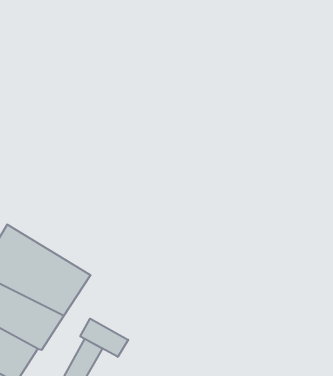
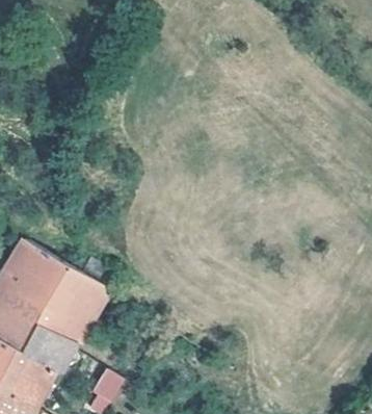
building: [80,319,128,357] -> none

